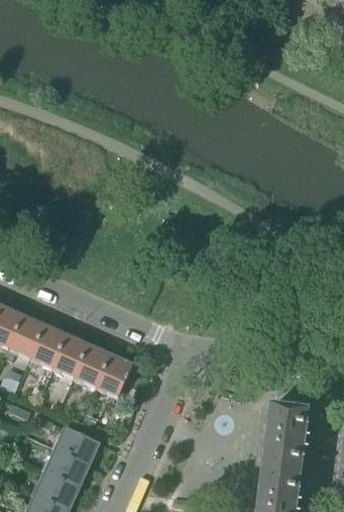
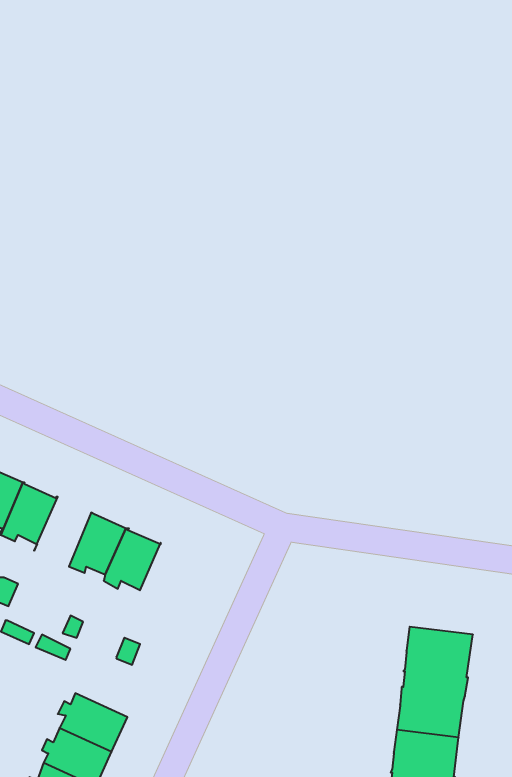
building: [29,323,66,363] -> none
building: [95,352,133,393] -> none
building: [55,426,99,464] -> none

